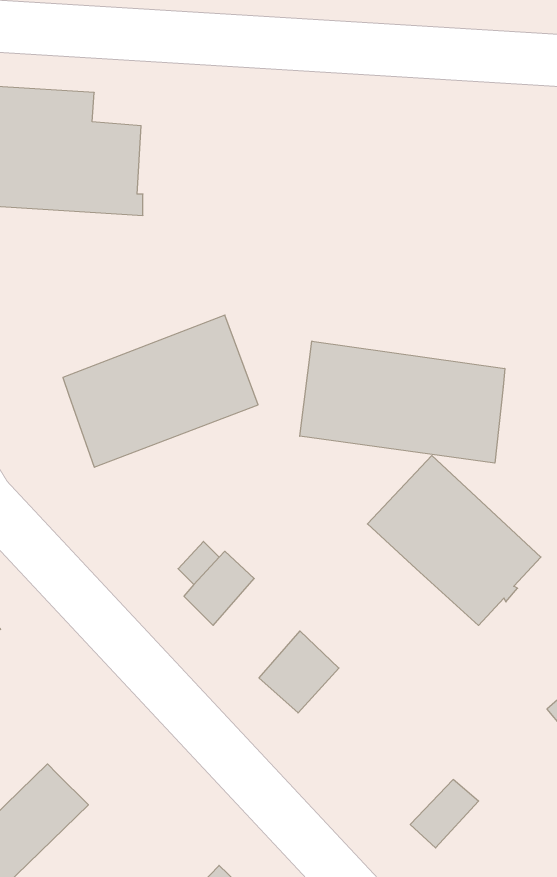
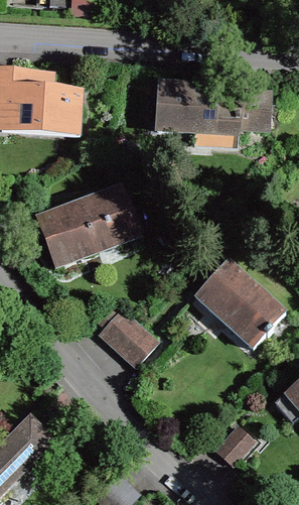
building: none -> [156,84,270,145]
building: [300,341,505,463] -> none
building: [259,631,339,713] -> [116,323,157,365]

